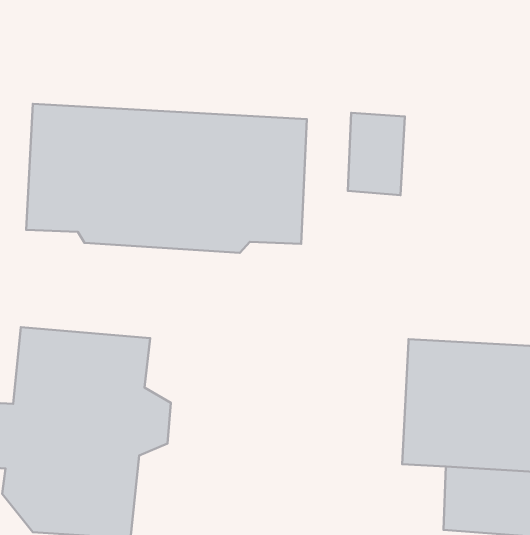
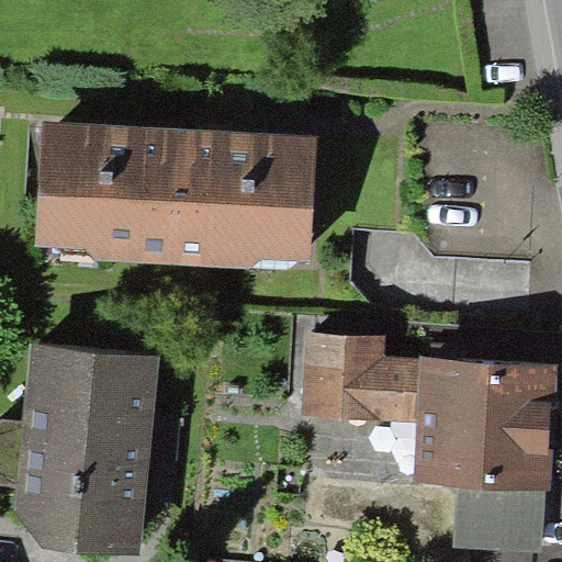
building: [348,113,405,195] -> none
building: none -> [303,333,418,424]

